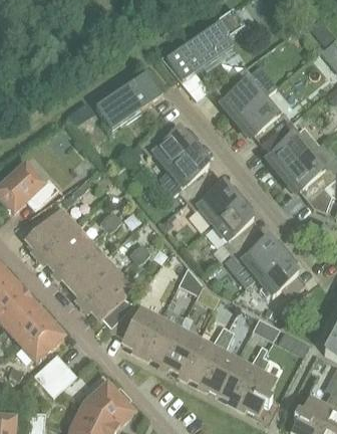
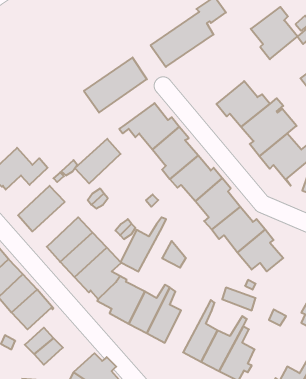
building: [215,65,264,121] -> [251,7,297,59]
building: [41,224,89,271] -> [75,139,121,183]
building: [181,325,229,383] -> [120,217,166,272]

